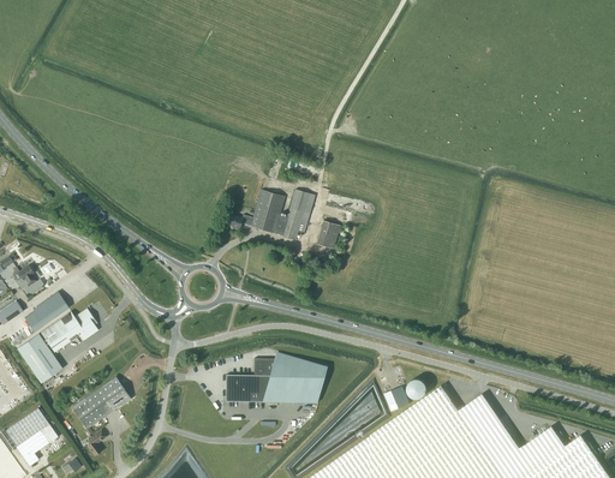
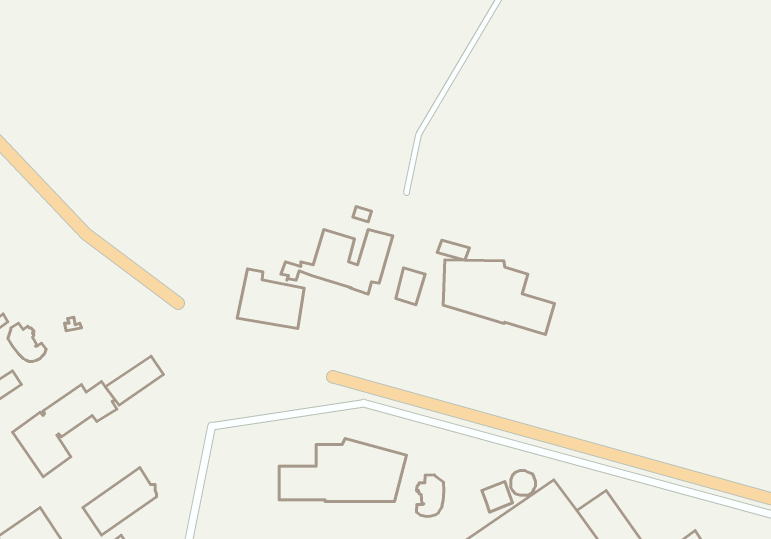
building: none -> [443,260,555,334]
building: none -> [237,269,304,328]
building: [24,293,70,331] -> [105,356,164,405]
building: none -> [416,475,444,516]

